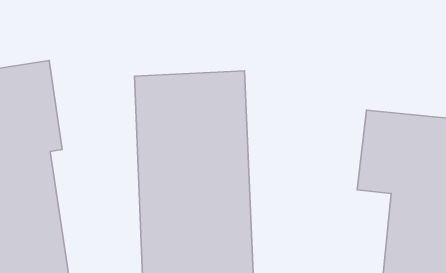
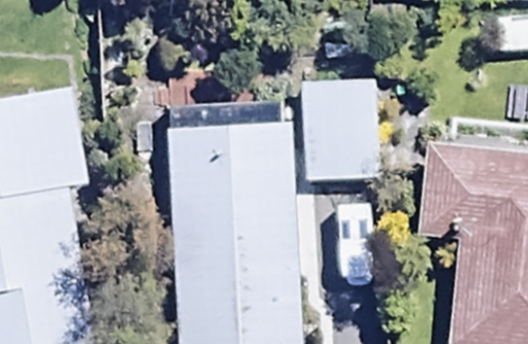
building: none -> [301,77,378,177]

